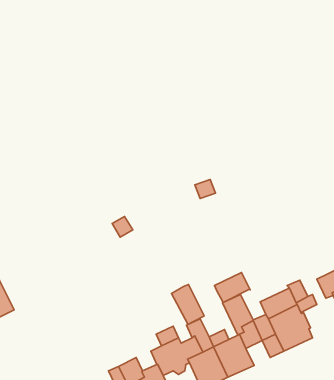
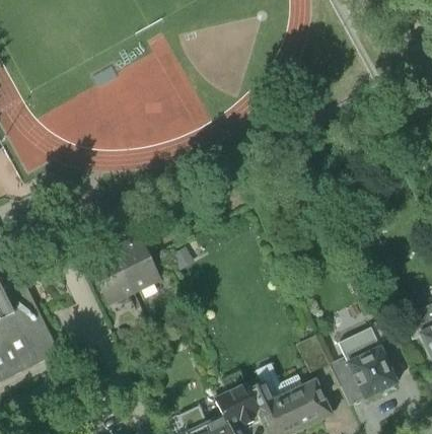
building: none -> [88,238,158,303]
building: [215,273,250,302] -> none
building: [171,284,204,325] -> none

